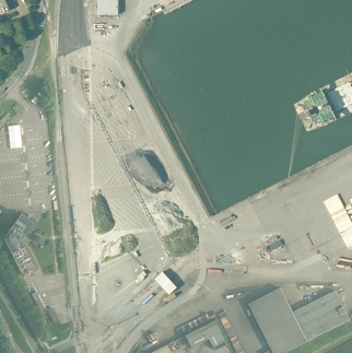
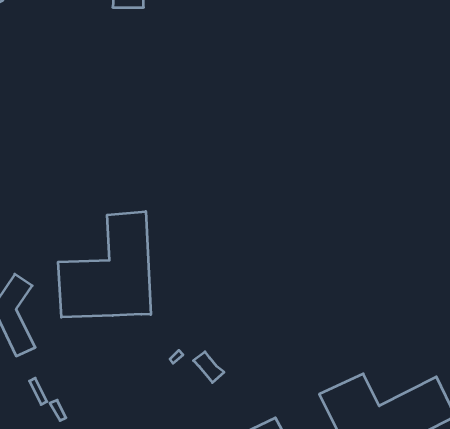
building: none -> [58,211,151,317]

